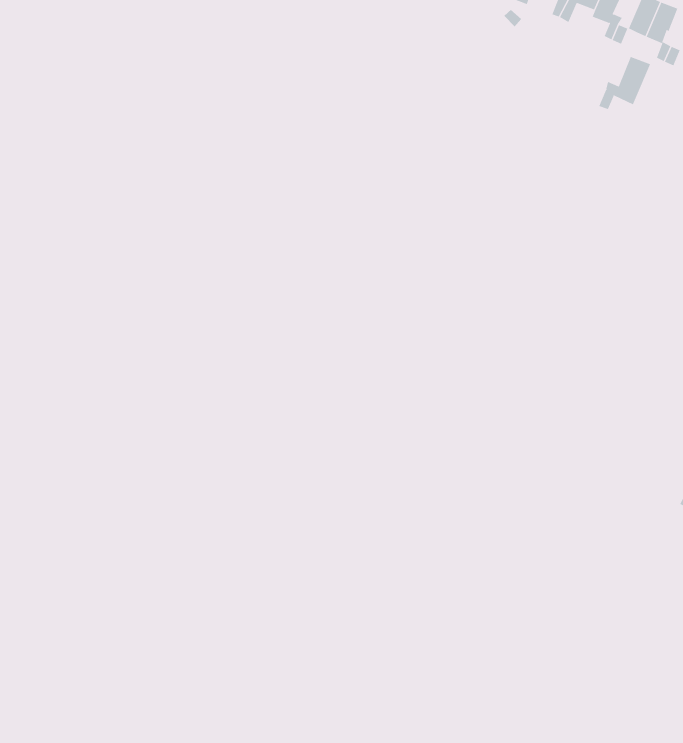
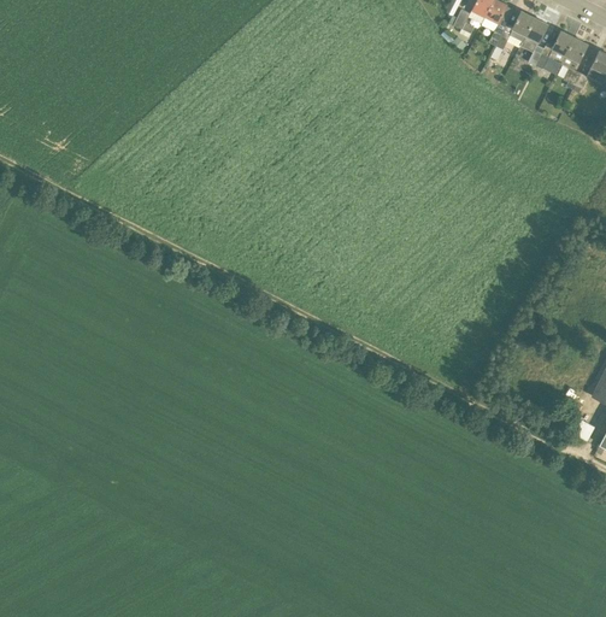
building: [599,56,651,110] -> none

